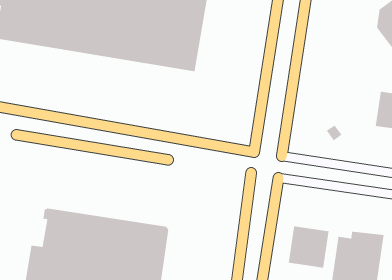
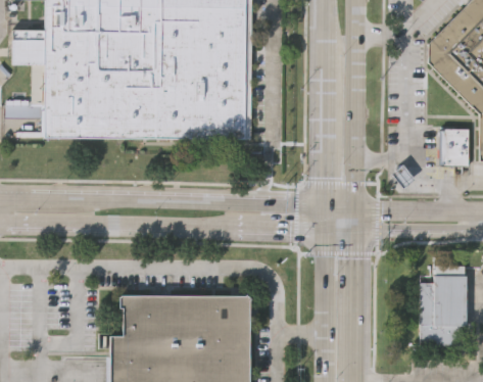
building: [288,225,329,268] -> none

